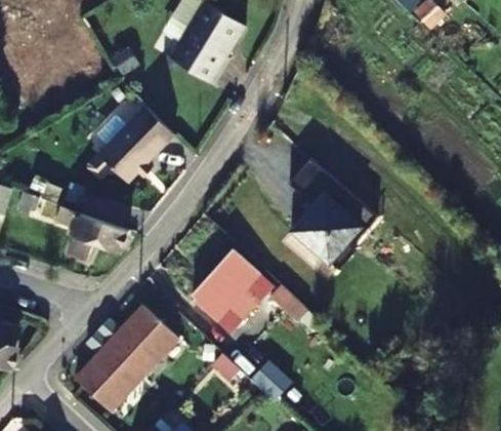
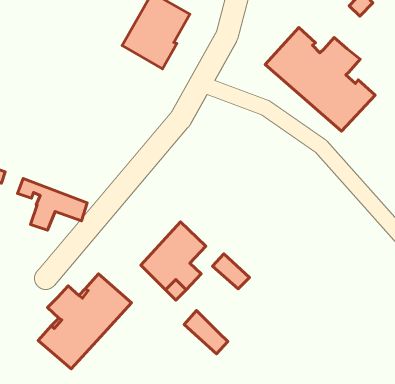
building: none -> [265,27,375,131]
building: [95,105,171,182] -> none
building: [288,157,377,269] -> none

